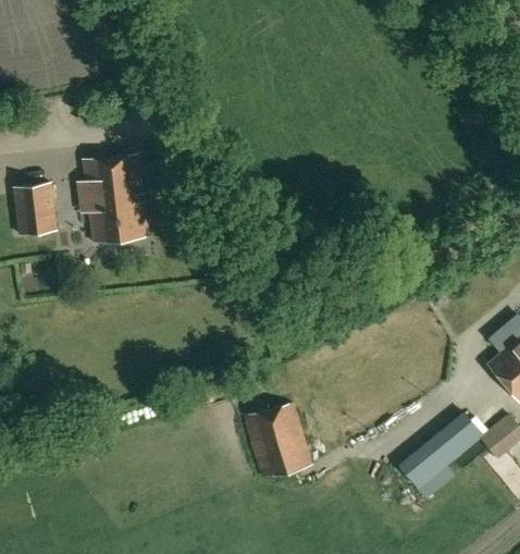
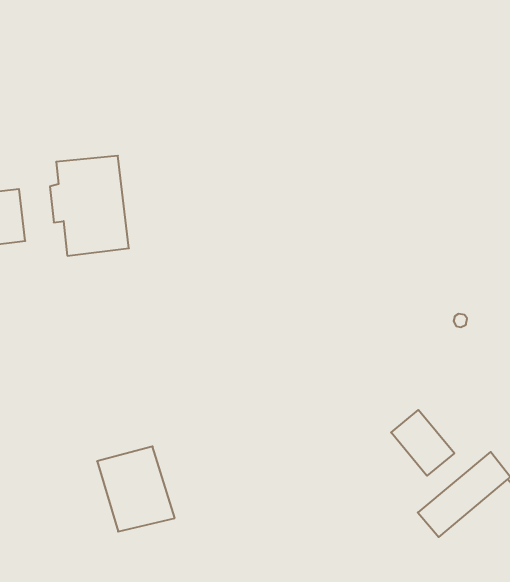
building: none -> [391,410,454,476]
building: [243,402,311,477] -> [97,446,175,532]

